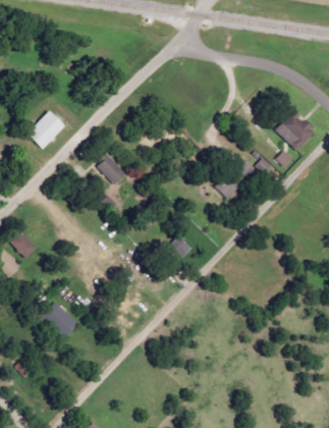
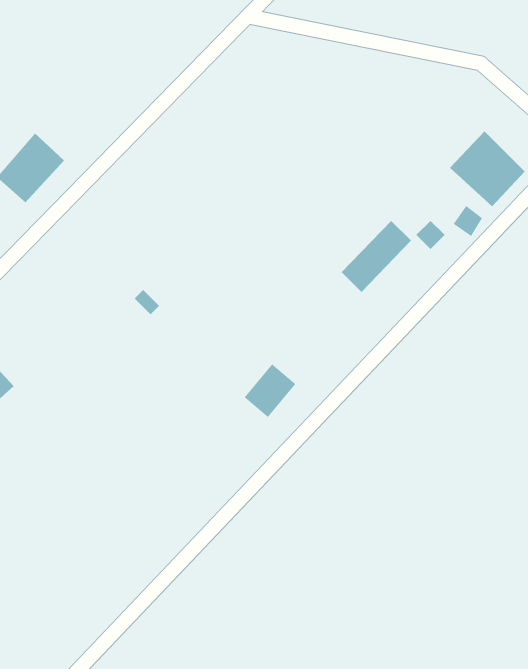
building: [96,154,125,184] -> none
building: [42,302,78,337] -> none

